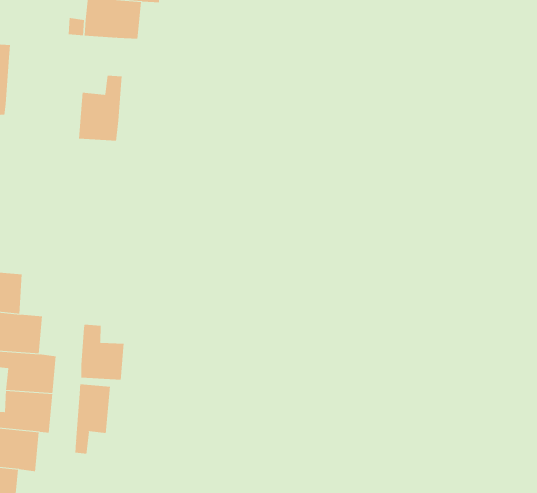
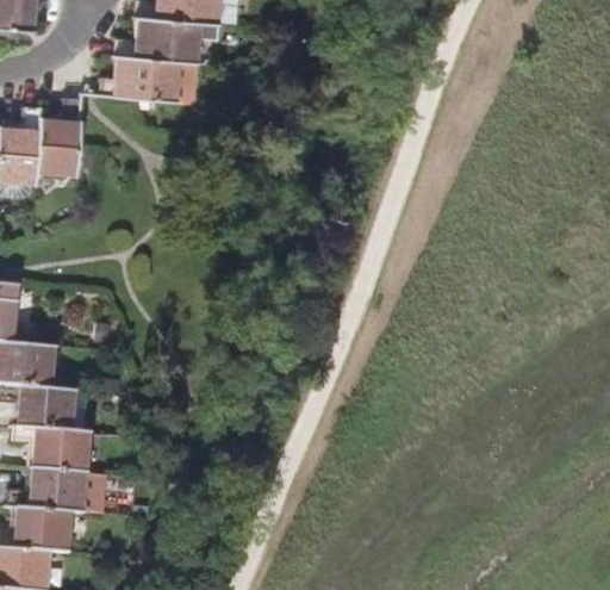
building: [78,75,123,141] -> [36,101,82,170]
building: [81,324,124,381] -> none
building: [75,384,111,454] -> none

